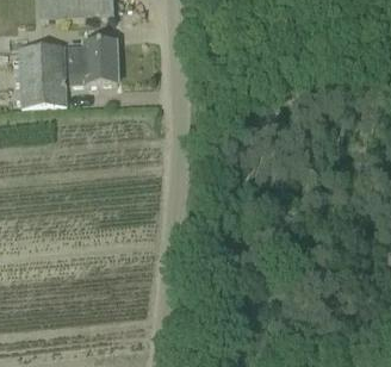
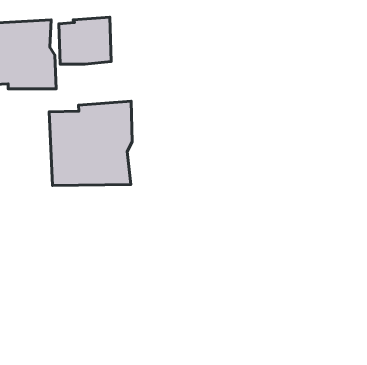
building: none -> [49,101,132,186]

